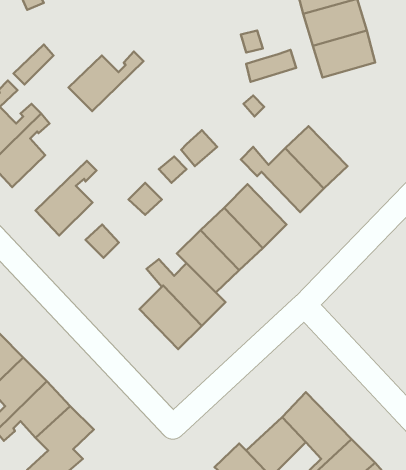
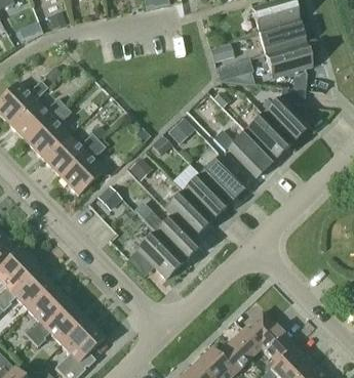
building: [69,51,143,111] -> [43,131,99,175]
building: none -> [263,86,310,142]

